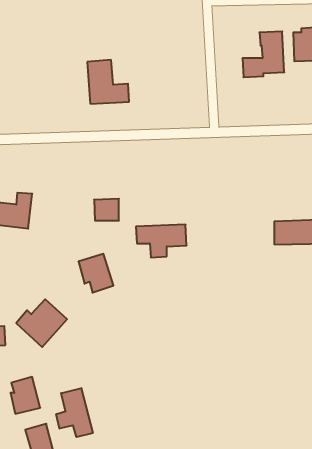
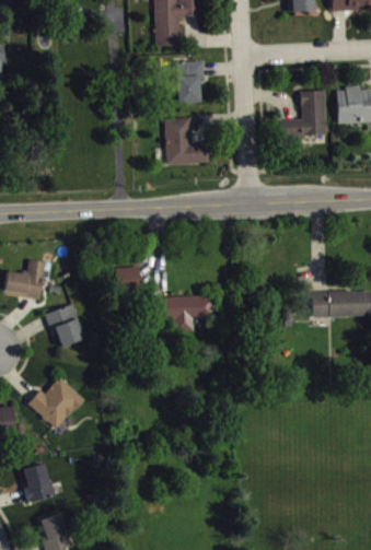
building: none -> [174,56,204,97]
building: [87,60,129,104] -> [162,112,208,160]
building: [78,254,113,293] -> [48,306,86,349]
building: [56,388,93,437] -> none

